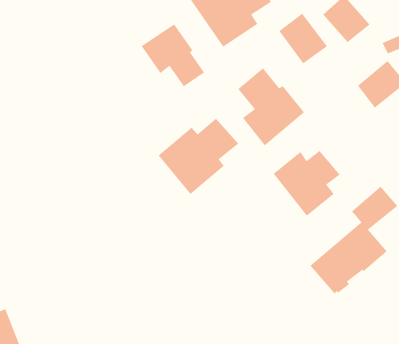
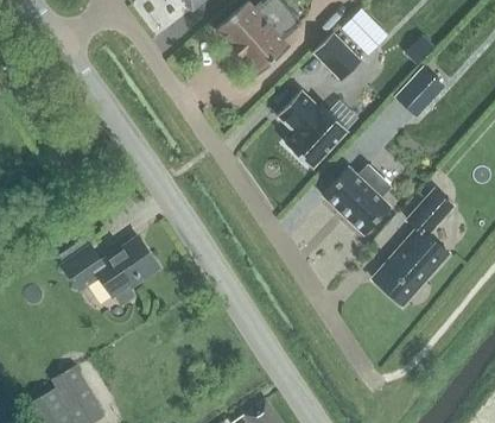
building: [141,23,205,87] -> none
building: [158,118,239,195] -> none
building: none -> [62,235,159,296]

